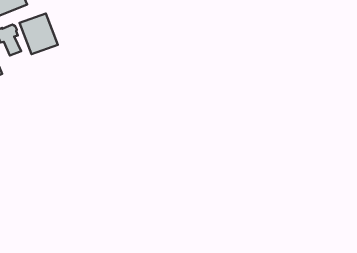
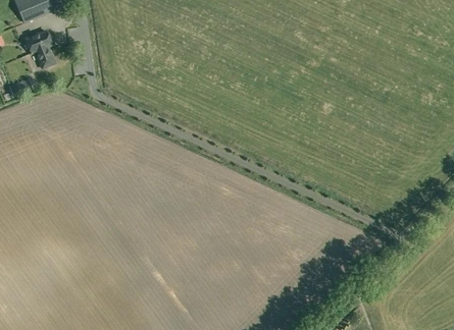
building: [20,14,58,54] -> none

